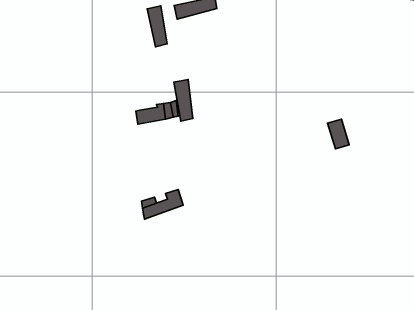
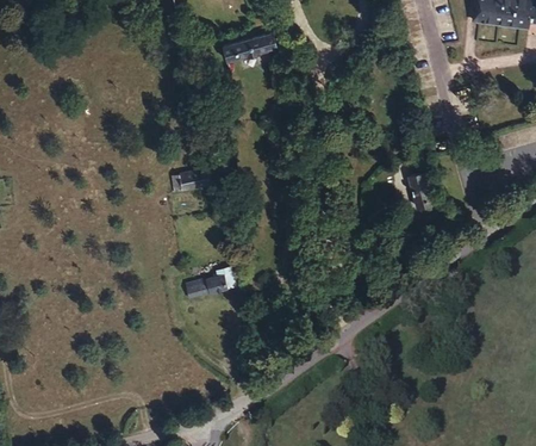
building: [147,6,167,47] -> none
building: [174,80,193,121] -> none

